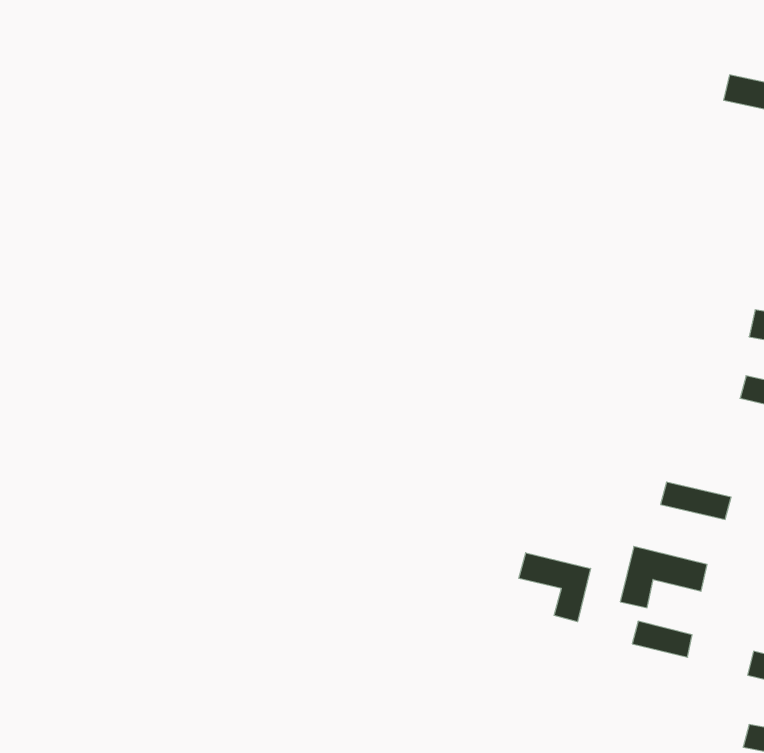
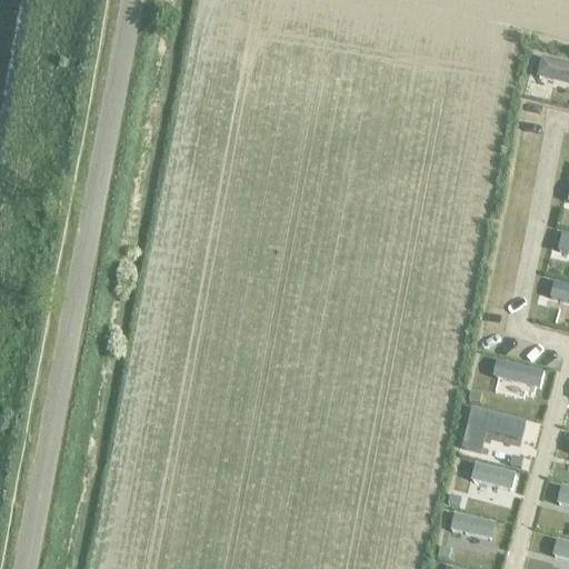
building: [519,553,591,622] -> none
building: none -> [449,511,495,538]

